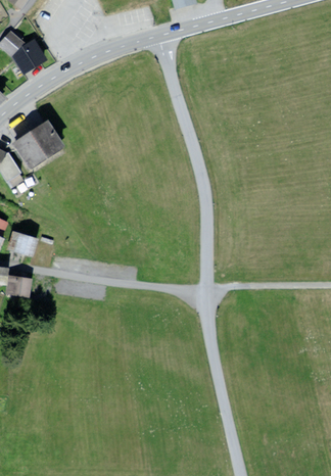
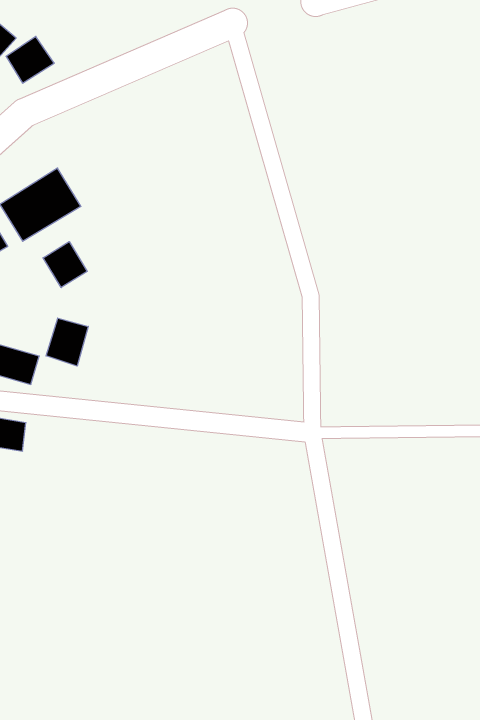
building: none -> [43,242,87,288]
building: none -> [46,318,88,366]

